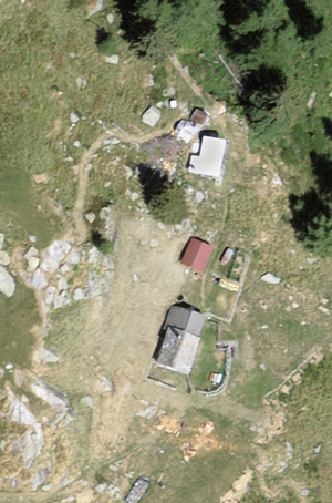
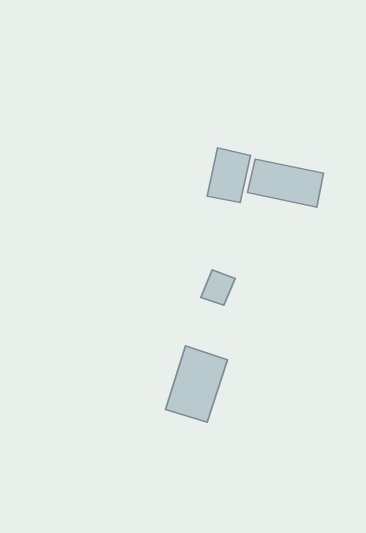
building: none -> [247,159,324,207]

